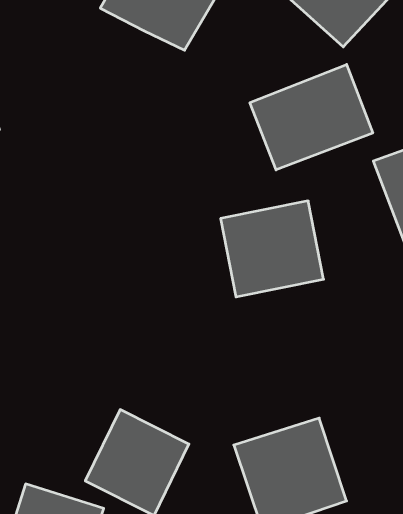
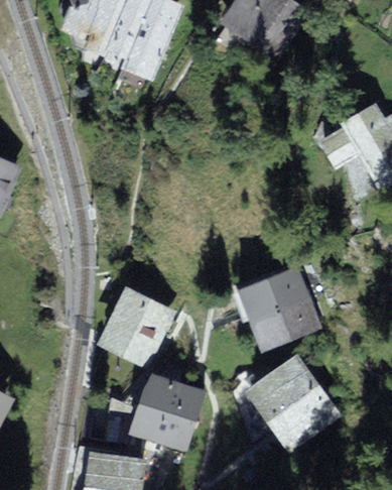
building: [250,64,373,170] -> none
building: [221,201,324,297] -> [234,263,322,348]
building: none -> [98,288,173,365]

